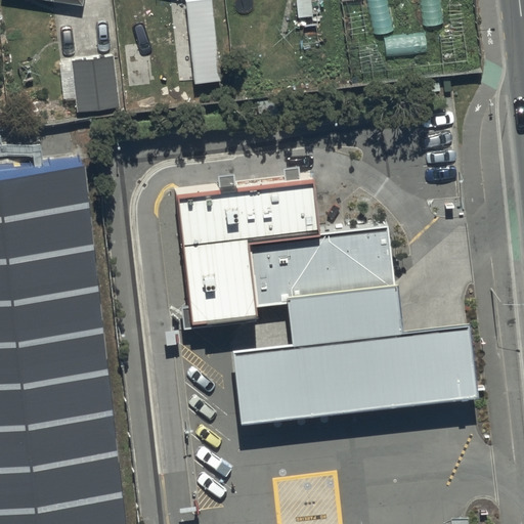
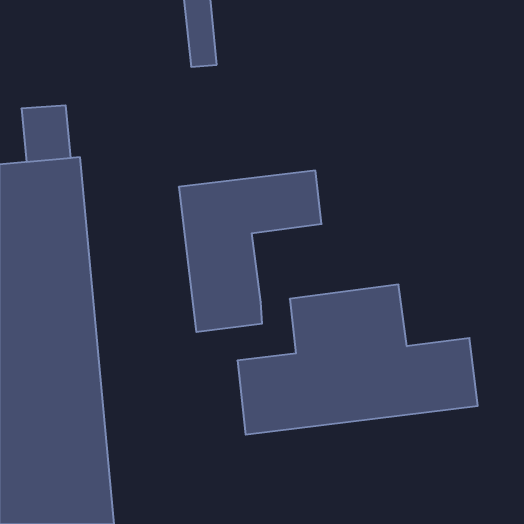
building: [70,50,119,106] -> [21,105,71,162]
building: [251,215,397,301] -> none

